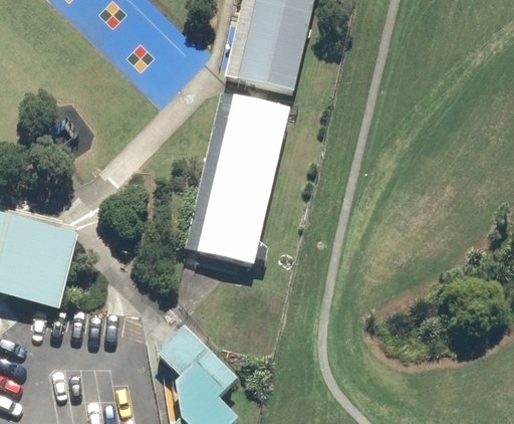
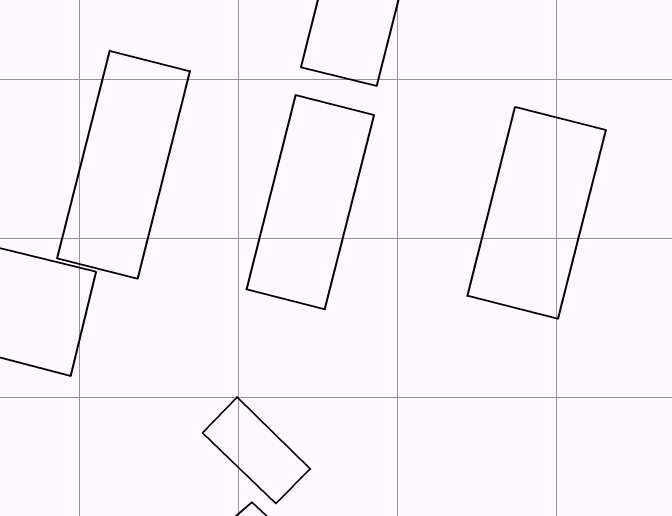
building: none -> [57,51,190,279]
building: none -> [467,107,606,319]

